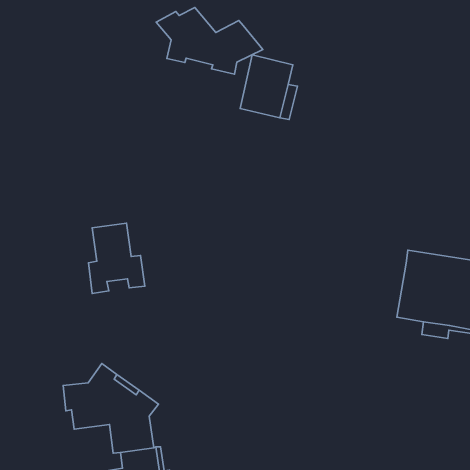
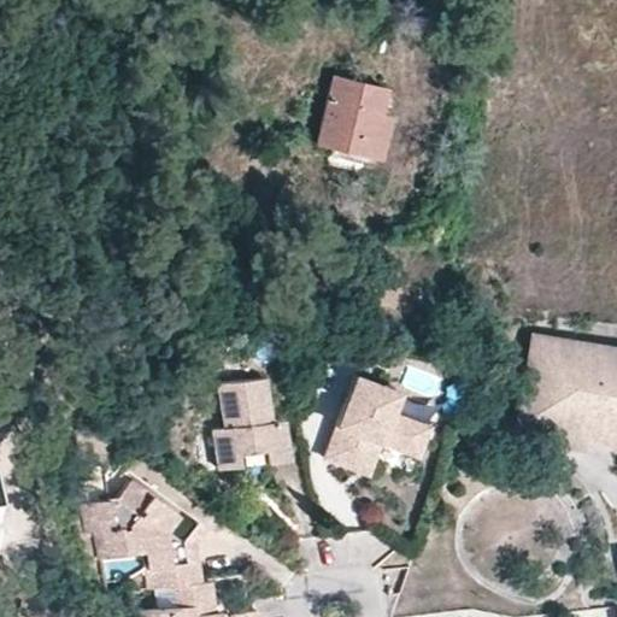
building: [156,8,263,74] -> none
building: [88,223,145,294] -> [218,382,292,474]
building: none -> [323,375,425,472]

